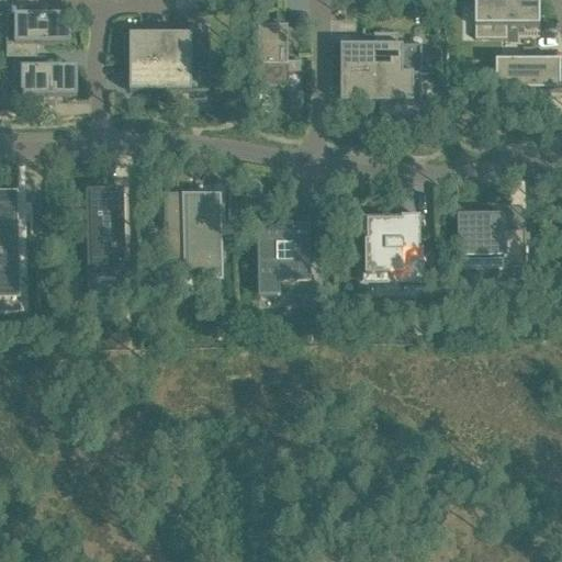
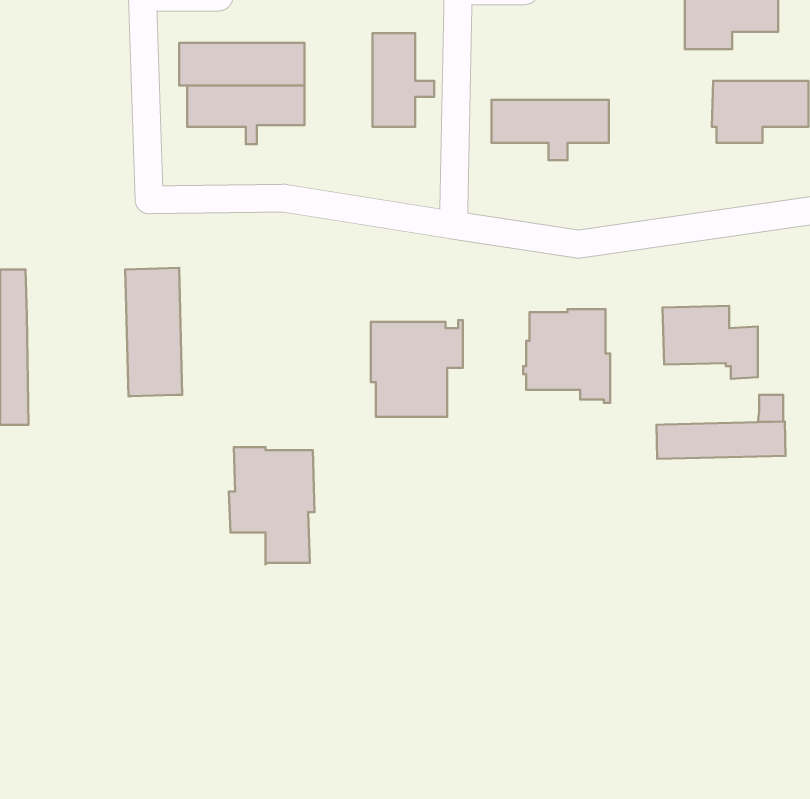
building: [5,10,70,53] -> none
building: [340,29,422,69] -> none
building: [13,63,77,105] -> none
building: [162,194,222,276] -> [229,447,315,564]
building: none -> [657,422,786,459]

